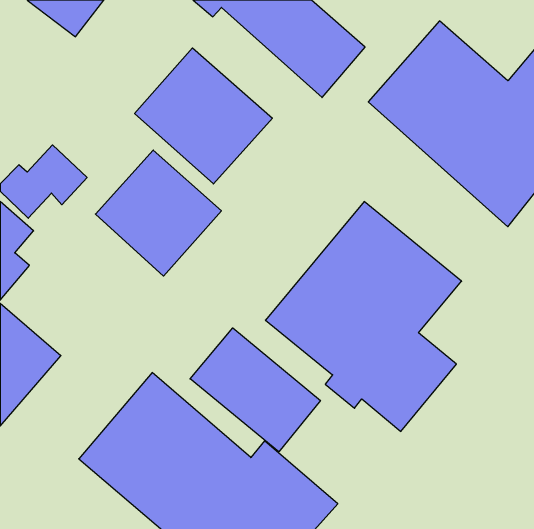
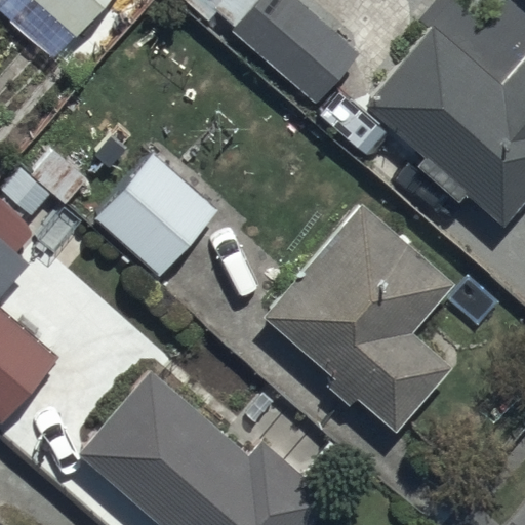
building: [135,48,272,184] -> none
building: [190,328,320,452] -> none

